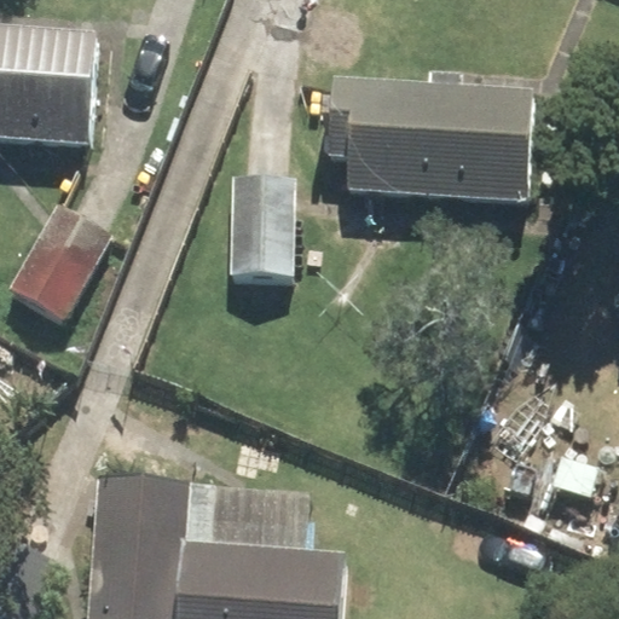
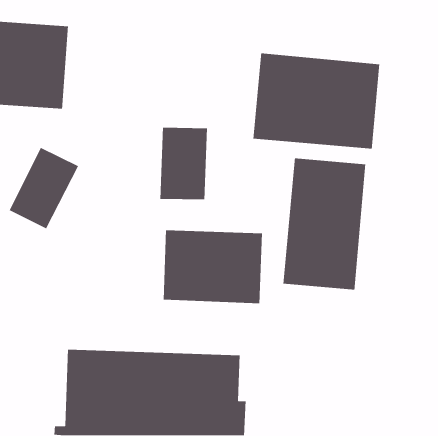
building: none -> [283,157,366,291]
building: none -> [163,230,263,304]

